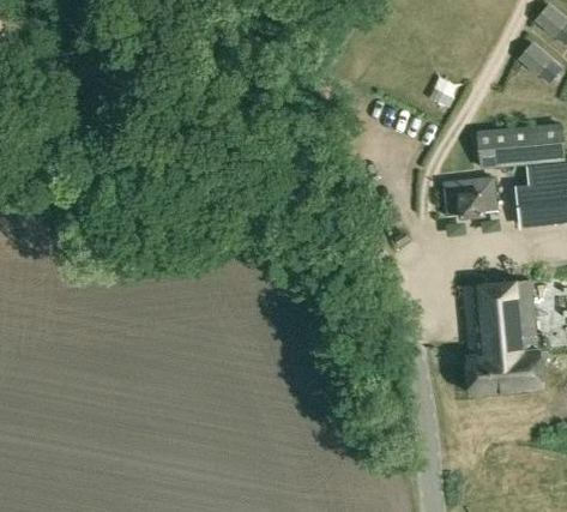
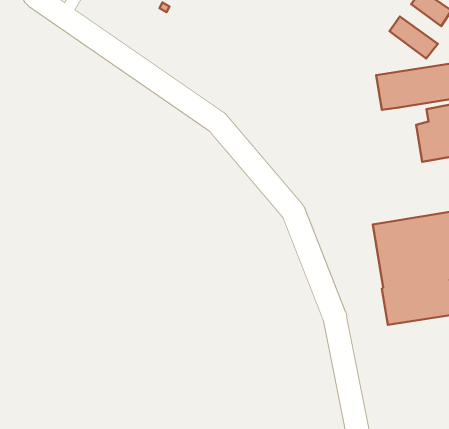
building: none -> [389,17,438,59]
building: [444,179,497,217] -> none

